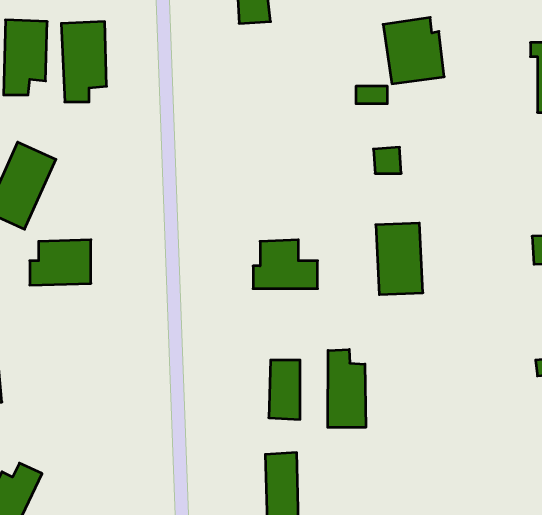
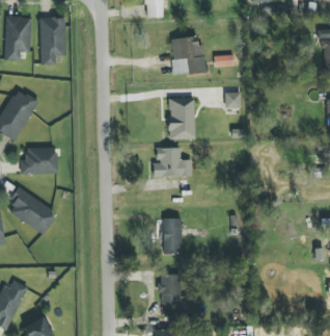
building: [383,17,444,84] -> [170,35,207,75]
building: [376,223,423,295] -> [168,97,196,139]
building: none -> [9,186,58,234]
building: [328,349,366,427] -> none

